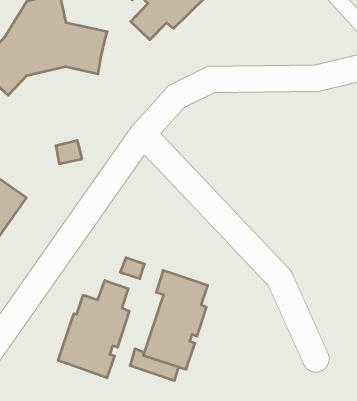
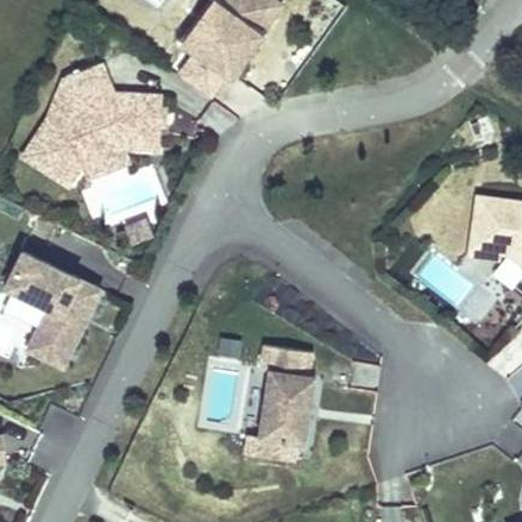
building: none -> [63,139,157,184]
building: [58,280,129,378] -> none

